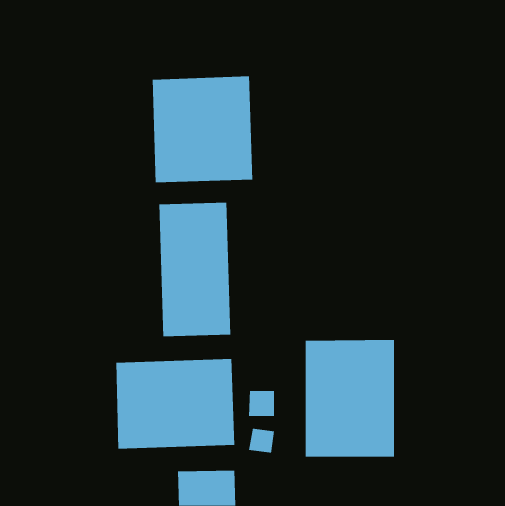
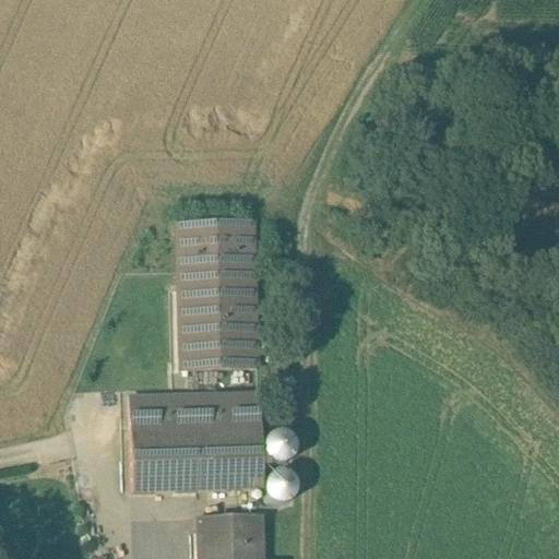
building: [152,75,253,183] -> none
building: [305,339,394,458] -> none

